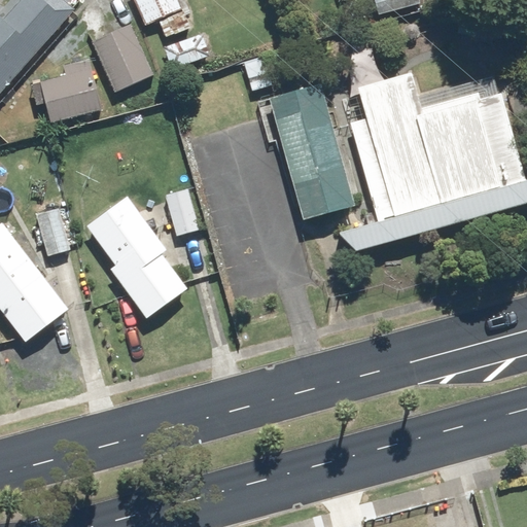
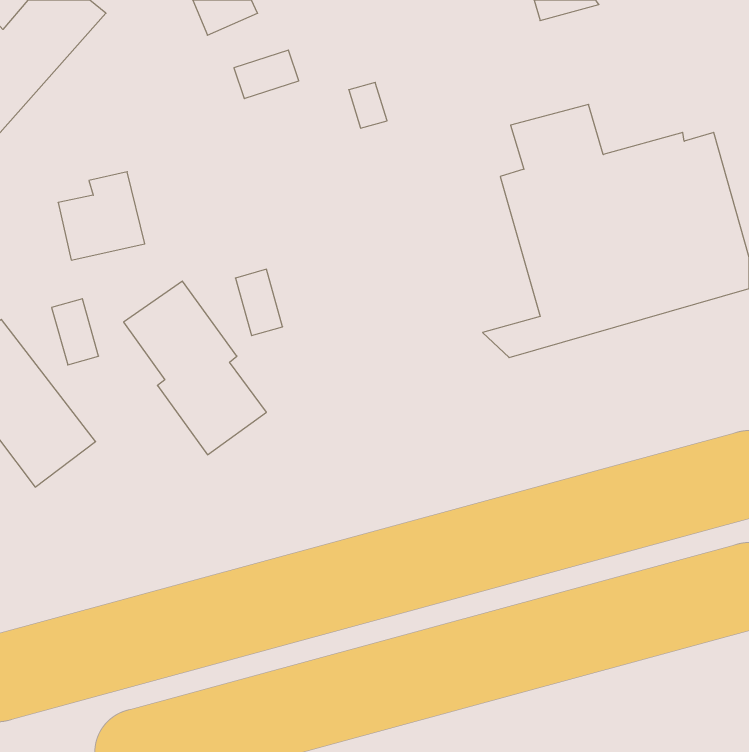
building: [93,26,152,92] -> none
building: [40,60,101,121] -> [58,172,145,260]
building: [269,84,354,220] -> none

